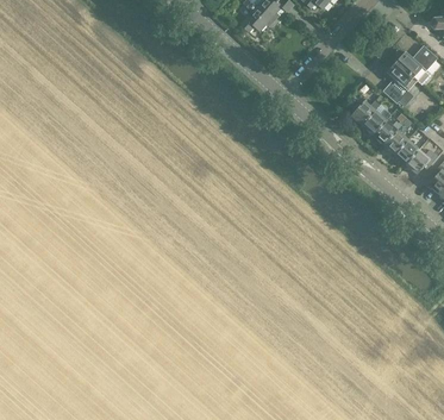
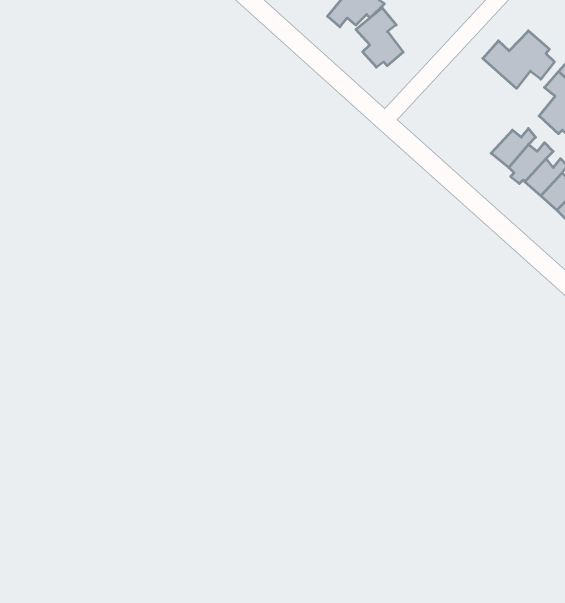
building: none -> [356,8,403,67]
building: none -> [483,31,554,88]

